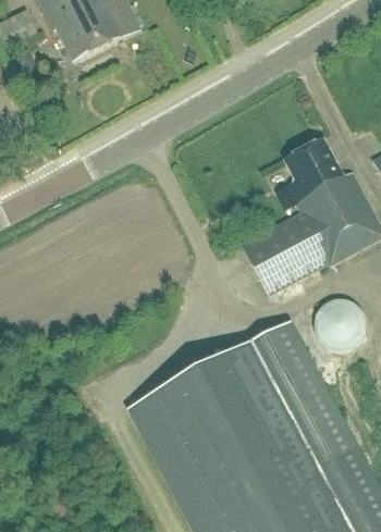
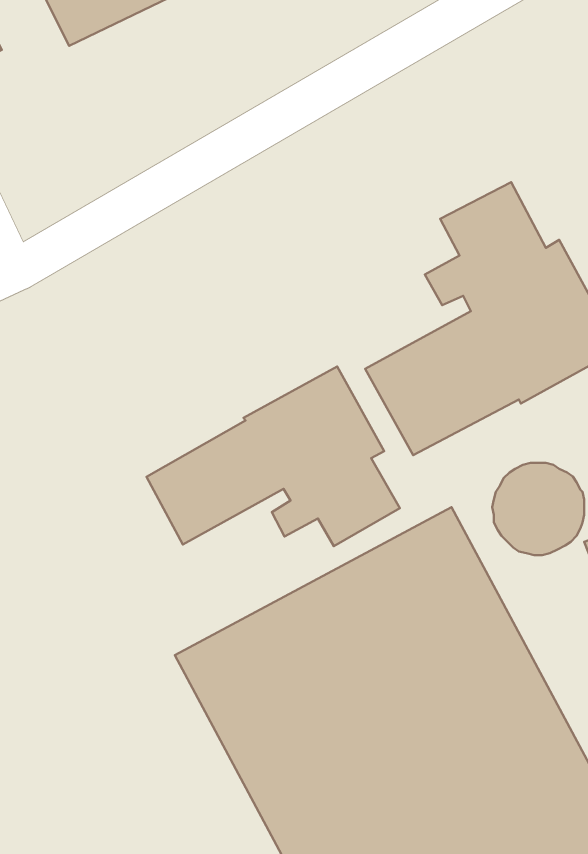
building: none -> [146,367,400,546]

